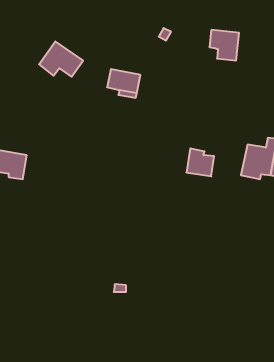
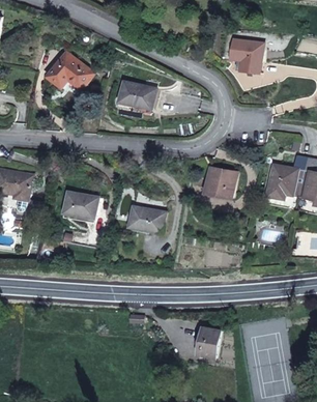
building: none -> [63,191,98,218]
building: none -> [127,204,166,232]
building: none -> [197,327,220,357]

